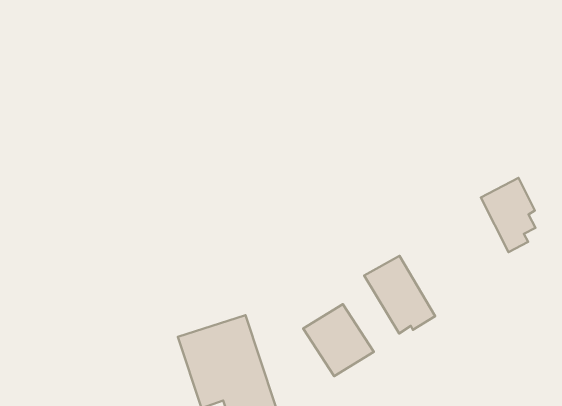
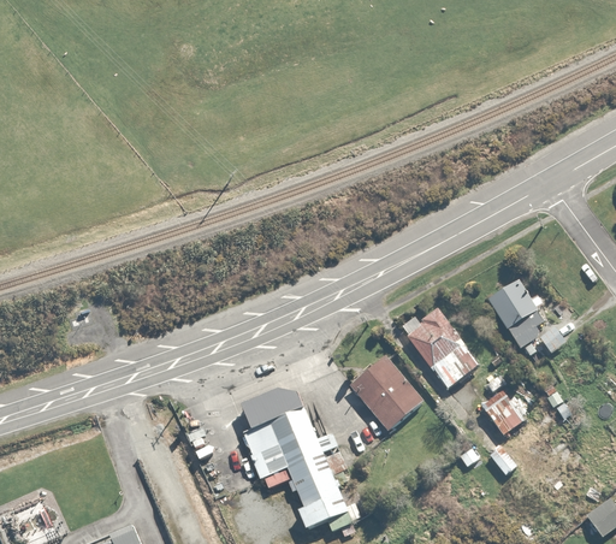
building: [481,178,536,252] -> [488,276,545,349]
building: none -> [486,395,526,434]

